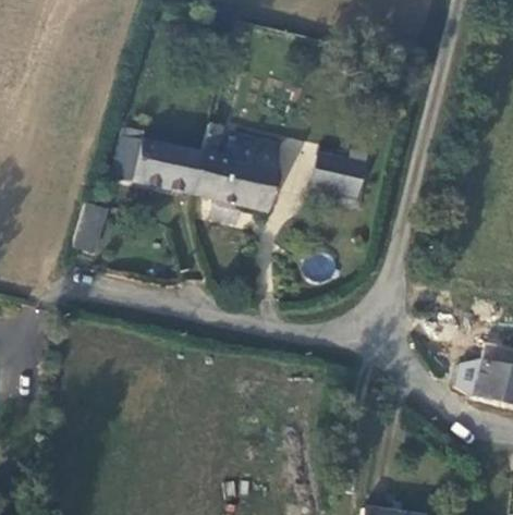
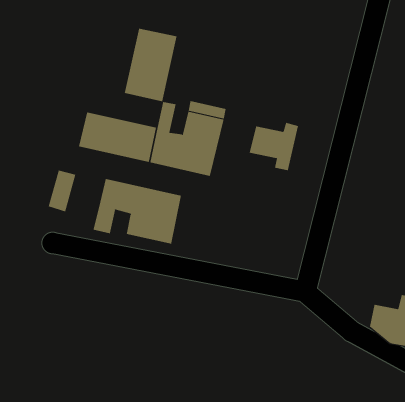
building: none -> [124,28,177,102]
building: none -> [93,178,182,245]

